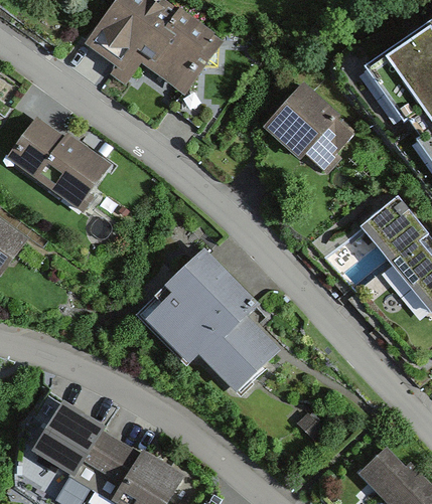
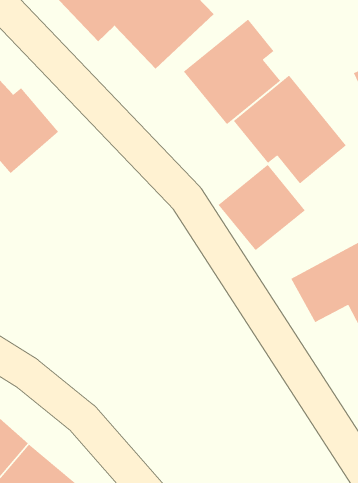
building: none -> [183,19,281,125]
building: none -> [217,164,306,251]
building: [137,251,280,395] -> none

